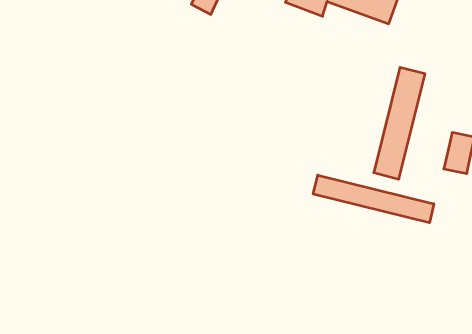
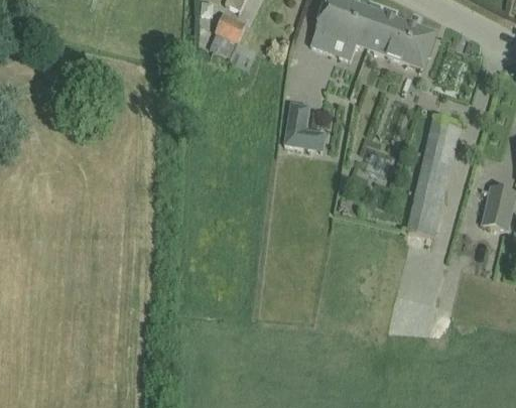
building: none -> [284,102,325,150]
building: [313,175,434,223] -> none

